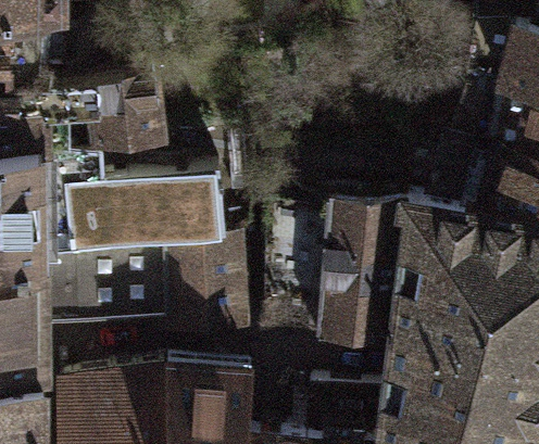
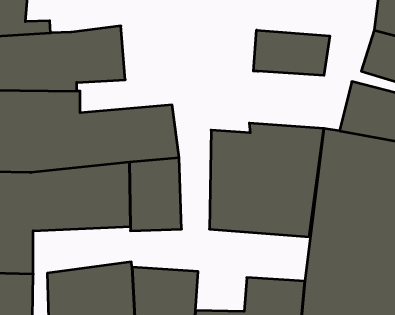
building: none -> [253,30,330,75]

